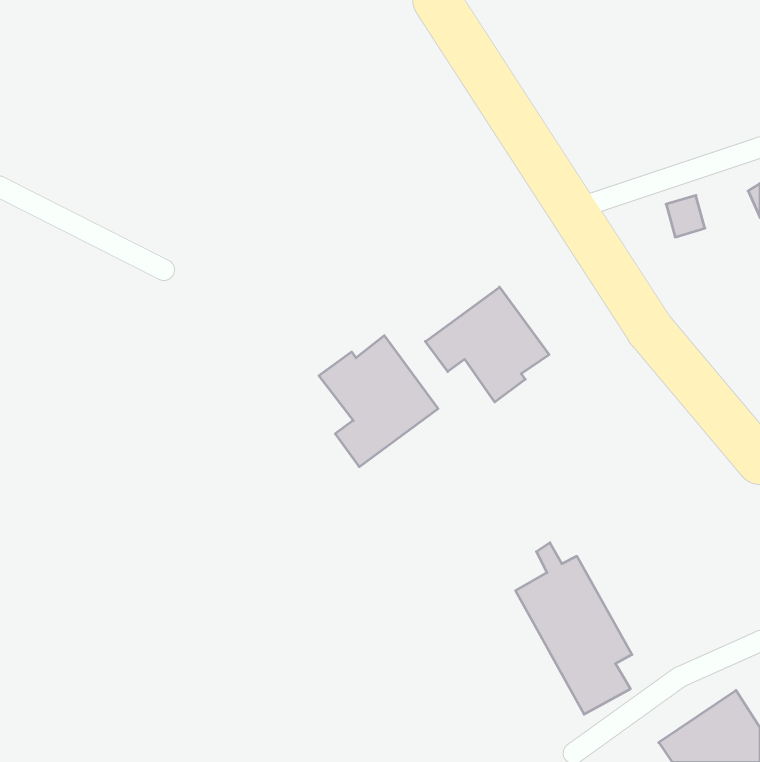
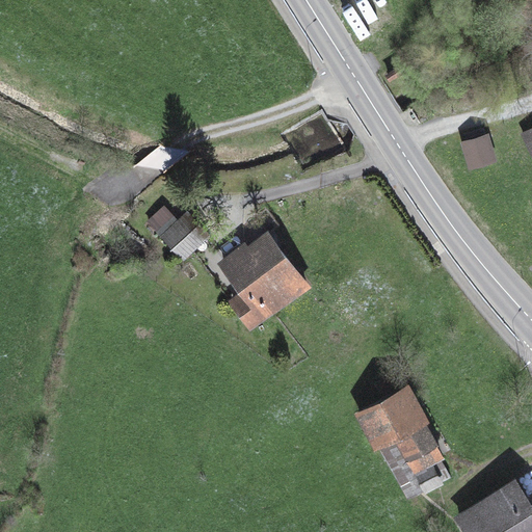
building: [425,287,549,402] -> none
building: none -> [148,208,207,257]

